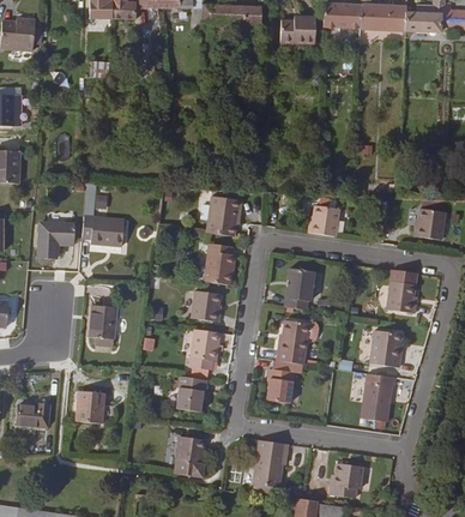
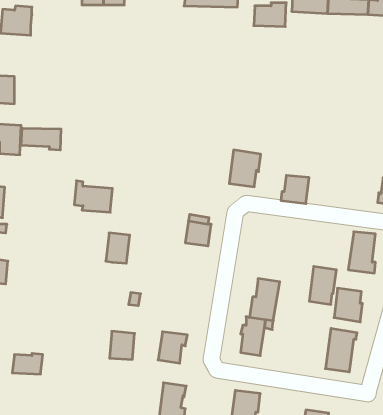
building: none -> [21,128,61,150]
building: [207,193,242,234] -> [229,150,261,187]
building: [42,221,80,257] -> none
building: [284,267,314,309] -> [309,266,336,304]
building: [192,290,221,323] -> none
building: [89,306,115,339] -> [106,233,130,263]
building: [191,329,219,360] -> none
building: [77,390,104,421] -> [110,331,135,359]

